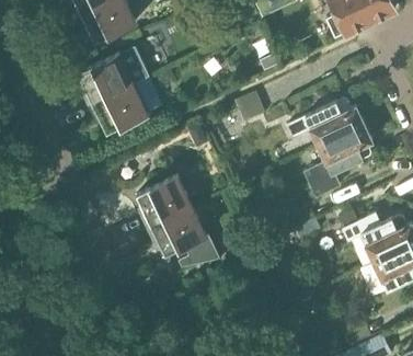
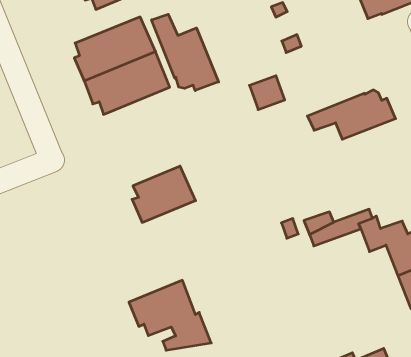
building: none -> [152,14,219,91]
building: [305,125,374,198] -> none
building: [147,207,221,269] -> [129,280,211,350]

